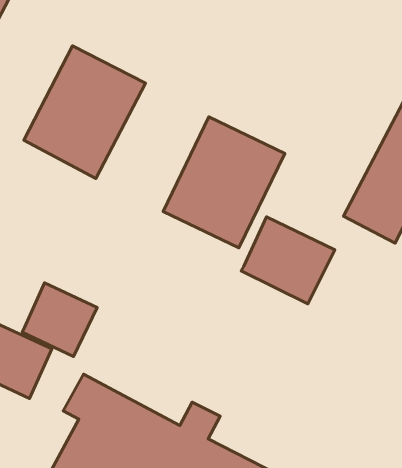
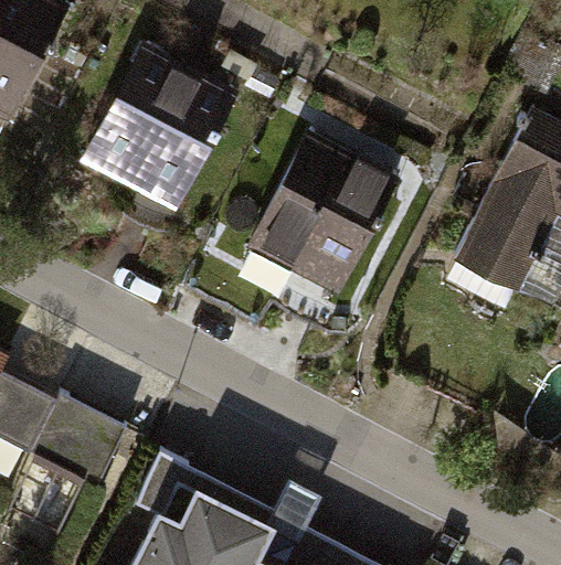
building: [241,217,335,304] -> none
building: [22,283,97,357] -> none

